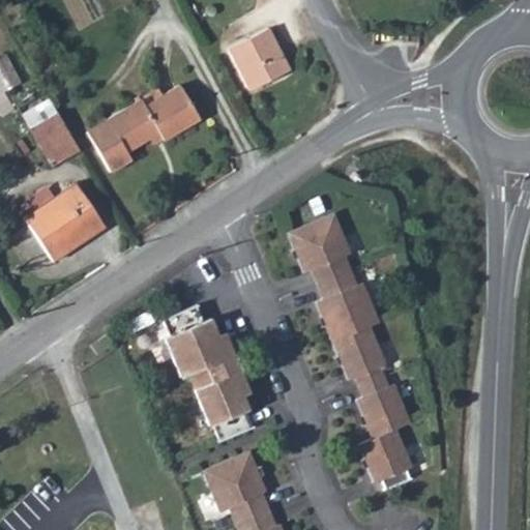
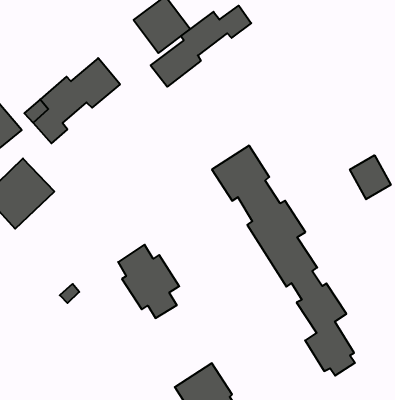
building: none -> [151,6,251,87]
building: none -> [350,155,391,199]
building: [195,374,253,441] -> none

